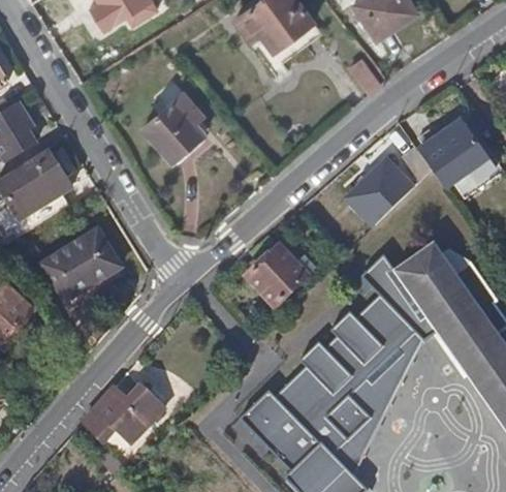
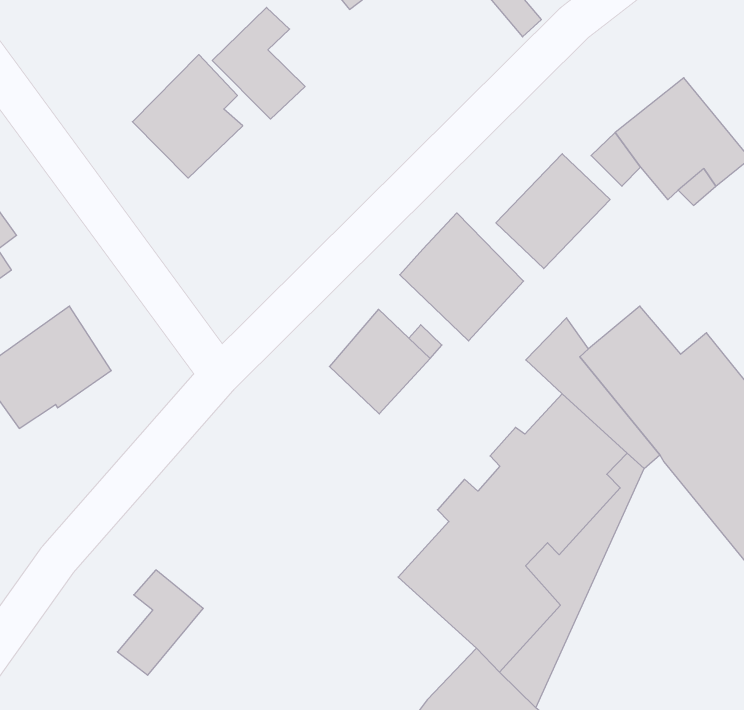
building: none -> [212,7,305,119]
building: none -> [400,213,524,341]
building: [84,386,136,439] -> none
building: [240,386,320,466] -> none

